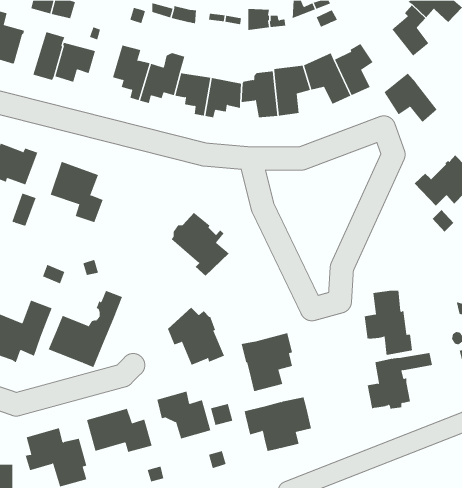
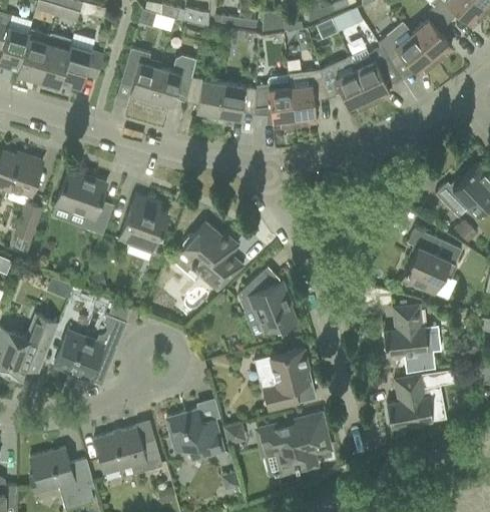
building: none -> [16,37,48,79]
building: [384,73,438,123] -> [378,22,434,74]
building: none -> [119,193,167,245]
building: none -> [402,226,461,294]
building: [167,307,225,365] -> [237,271,298,332]

